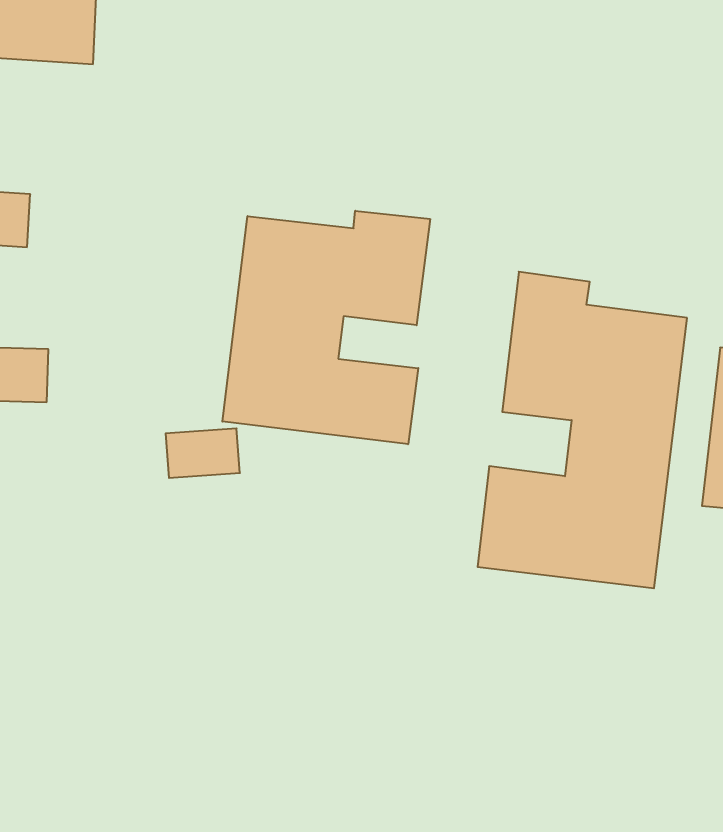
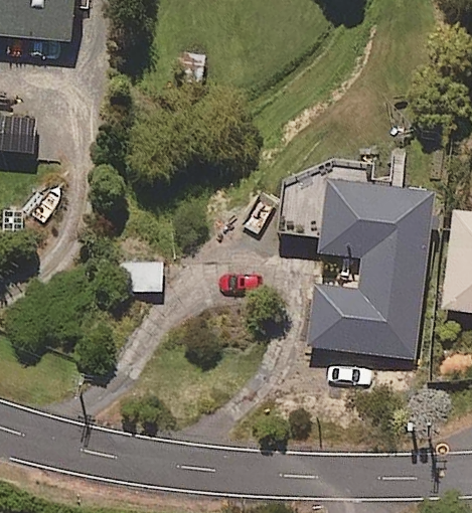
building: [222,211,430,444] -> none

